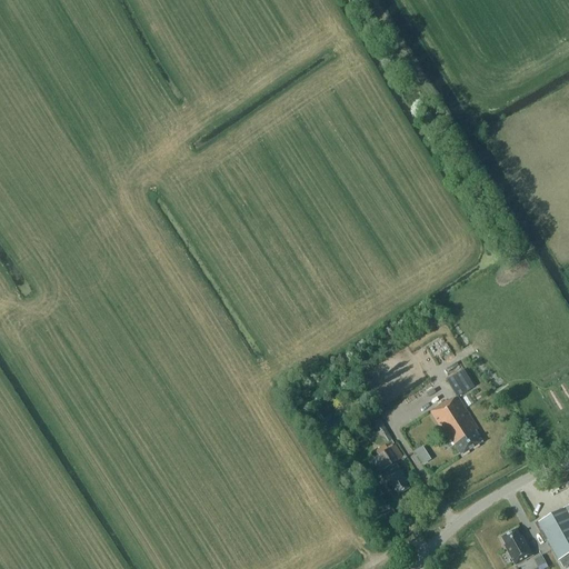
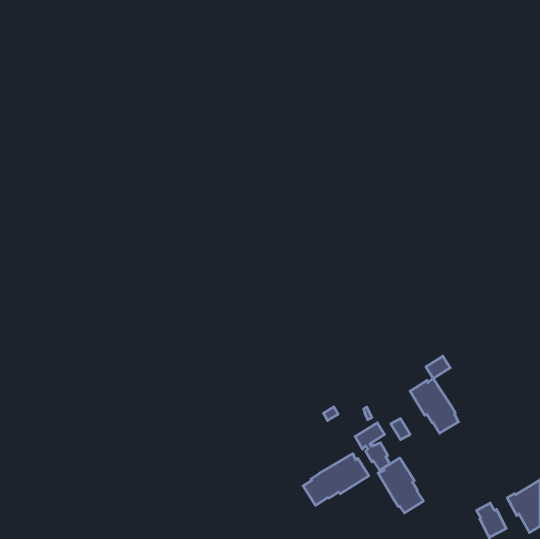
building: none -> [303,454,369,505]
building: none -> [378,458,423,513]

